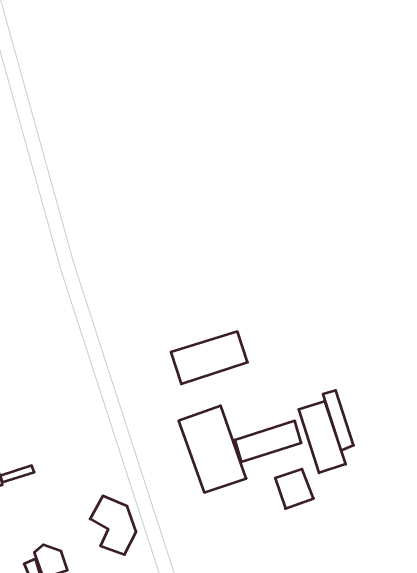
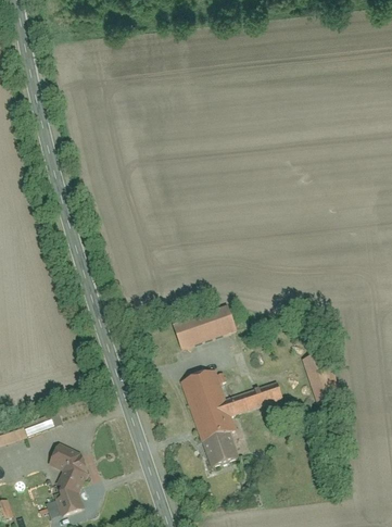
building: [299,401,346,473] -> none
building: [275,469,314,509] -> [203,434,236,467]
building: [90,496,136,555] -> [49,441,88,491]

